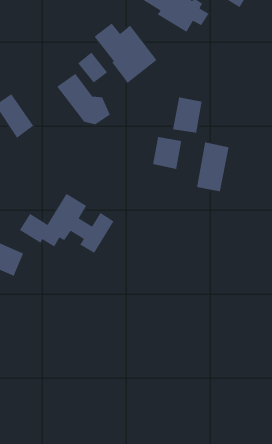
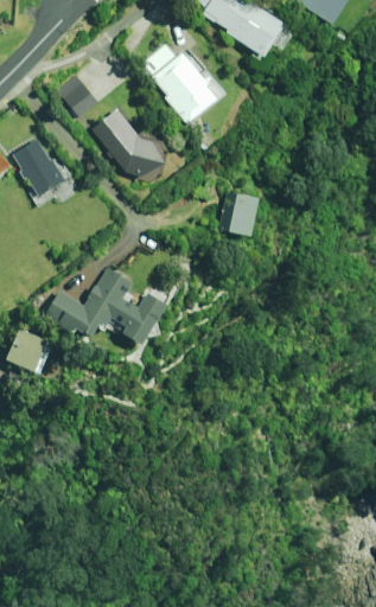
building: [77,51,108,83] -> [57,76,97,117]
building: [172,96,203,133] -> none
building: [196,141,229,192] -> none

